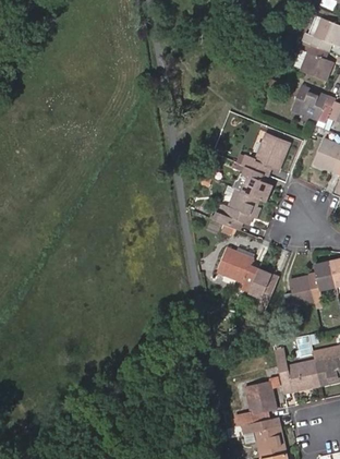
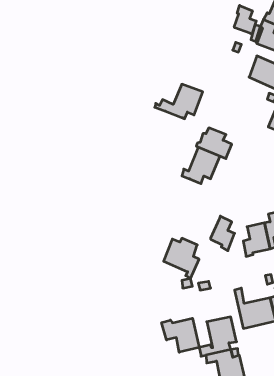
building: none -> [234,5,256,34]
building: [233,135,288,174] -> [155,84,203,119]
building: [217,245,257,291] -> [164,238,199,279]
building: none -> [162,318,199,352]

